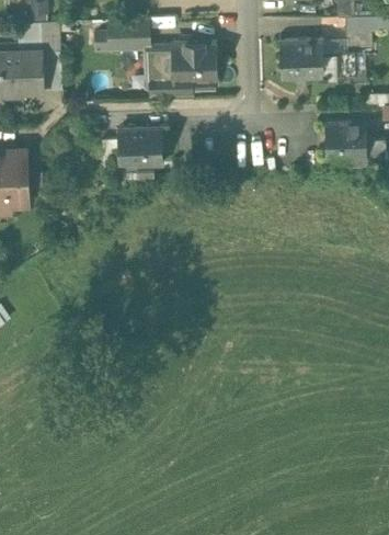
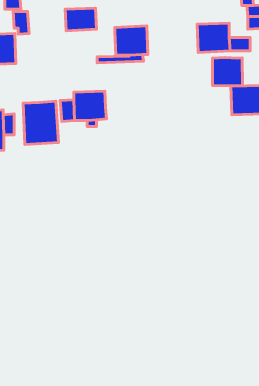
building: [147,50,191,91] -> none
building: none -> [212,58,242,86]
building: none -> [23,101,58,145]

